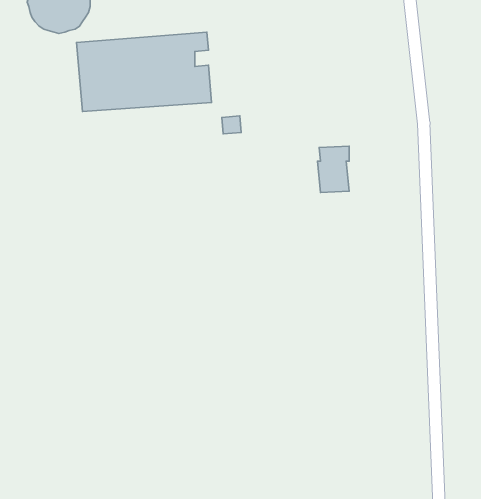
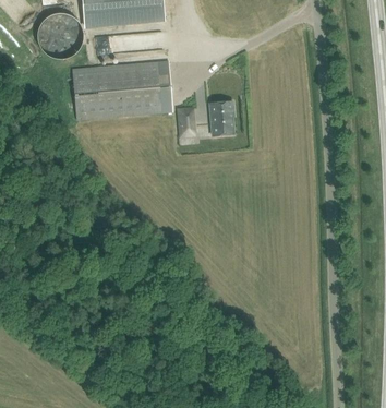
building: [318,146,349,193] -> [208,101,231,135]

